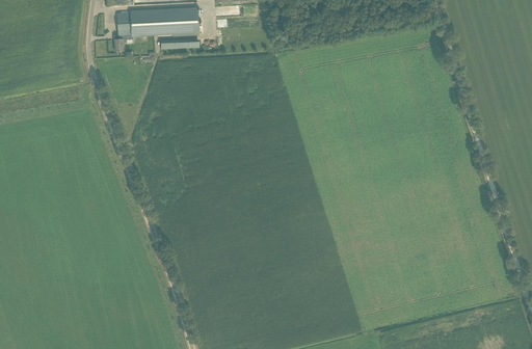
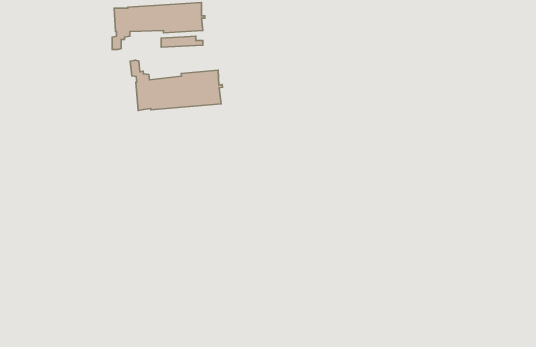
building: none -> [130,60,222,111]

